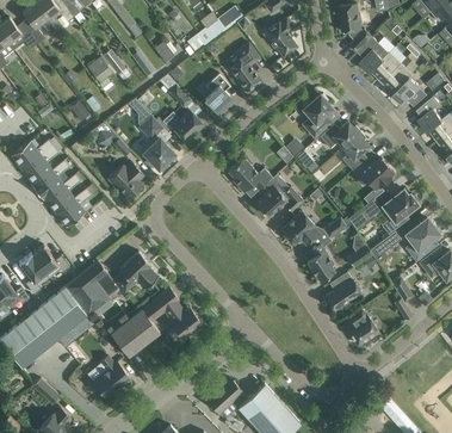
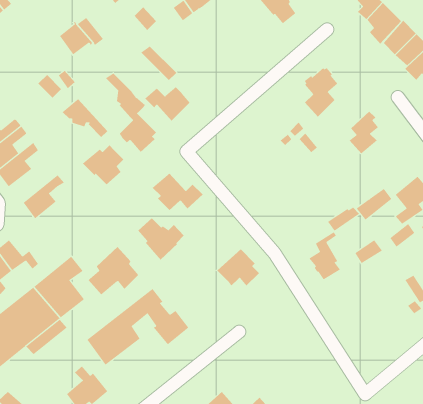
building: [230,43,260,89] -> none
building: [204,74,233,115] -> none
building: [320,123,360,149] -> none
building: [353,157,395,191] -> none
building: [228,159,273,192] -> [152,173,203,211]
building: [43,174,86,214] -> none
building: [256,186,304,217] -> none
building: [280,212,318,246] -> [216,249,260,287]
building: none -> [138,217,184,260]
building: [326,272,361,311] -> none
building: [346,309,379,345] -> none

